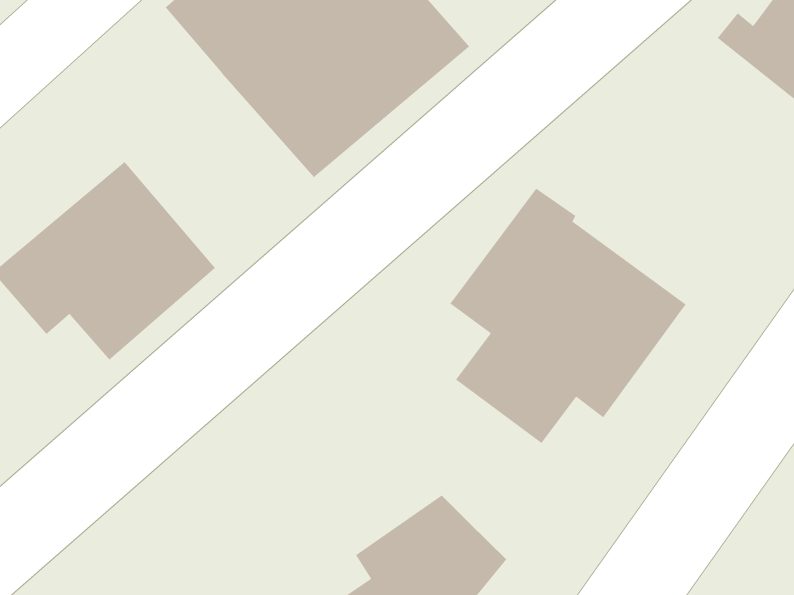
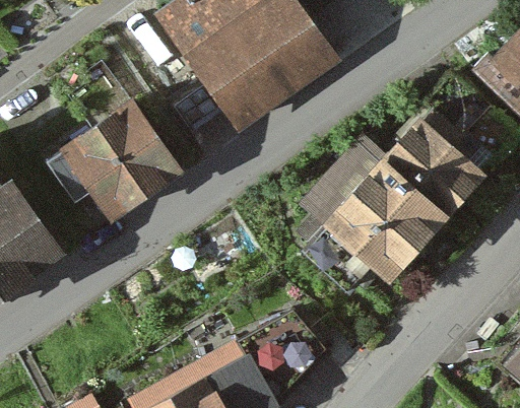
building: none -> [380,76,499,219]

